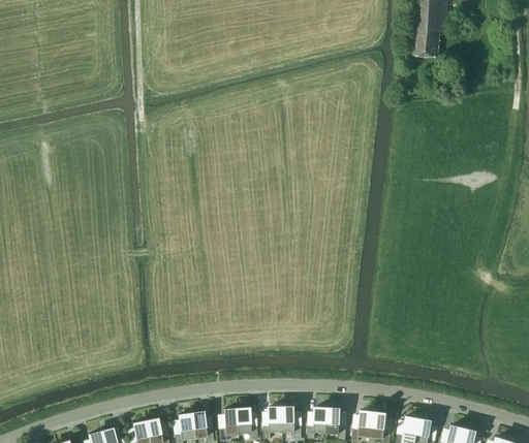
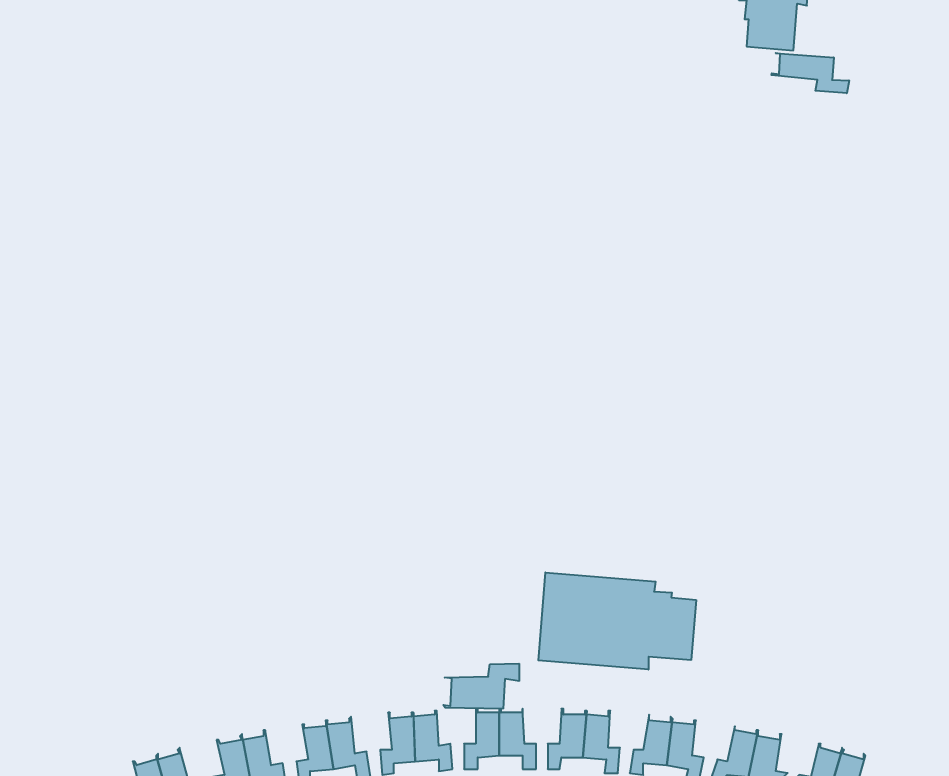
building: none -> [771,53,849,93]
building: none -> [538,572,696,670]
building: none -> [443,664,519,709]

